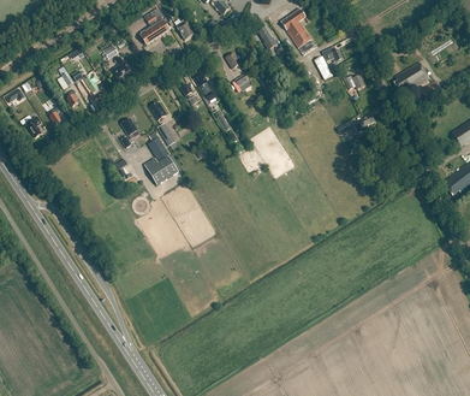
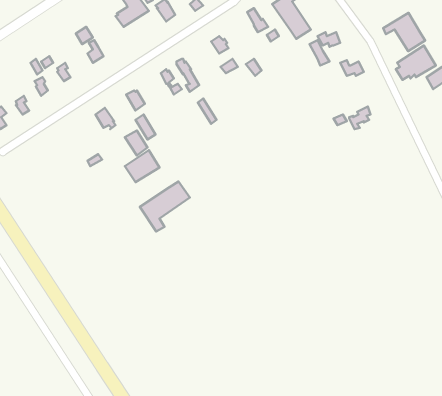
building: none -> [383,13,425,51]
building: none -> [140,181,190,231]

